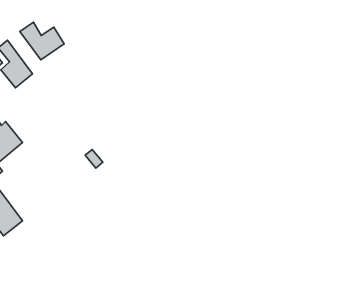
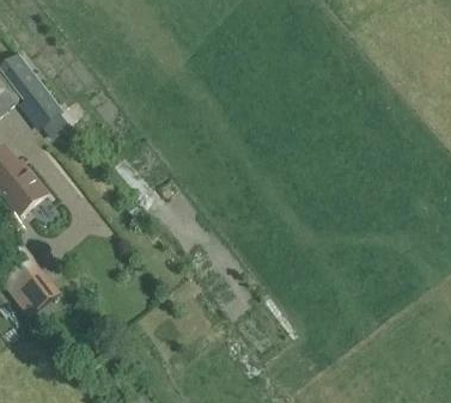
building: [20,22,64,60] -> none

